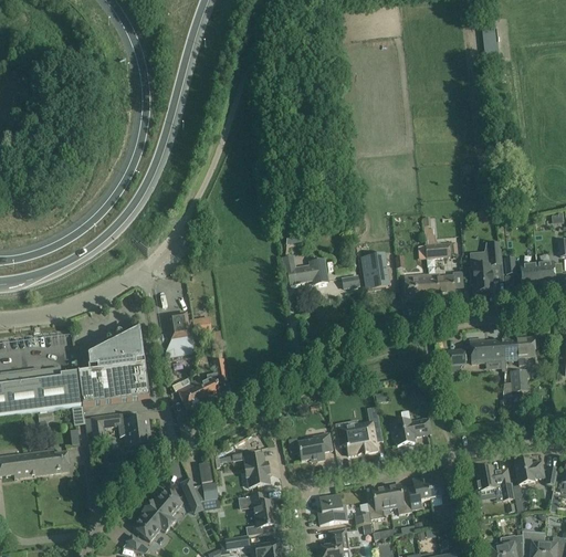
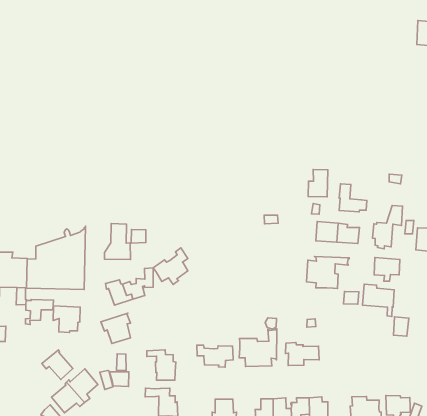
building: [365,254,389,288] -> [308,169,328,197]
building: [282,255,327,283] -> none
building: none -> [306,256,349,289]
building: none -> [153,248,188,284]
building: [504,337,535,365] -> [374,258,400,281]
building: none -> [101,313,131,344]
building: none -> [42,350,73,379]

